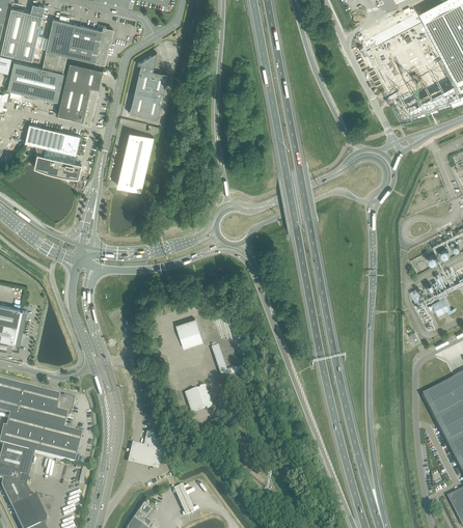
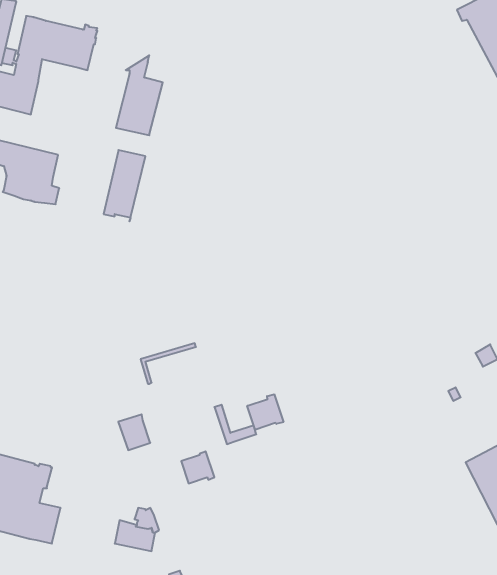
building: [57,62,103,122] -> none
building: [175,318,202,349] -> [118,414,150,450]
building: none -> [247,394,283,430]

